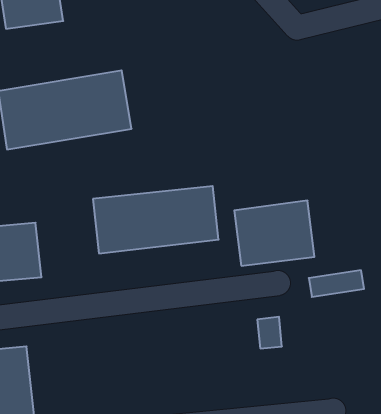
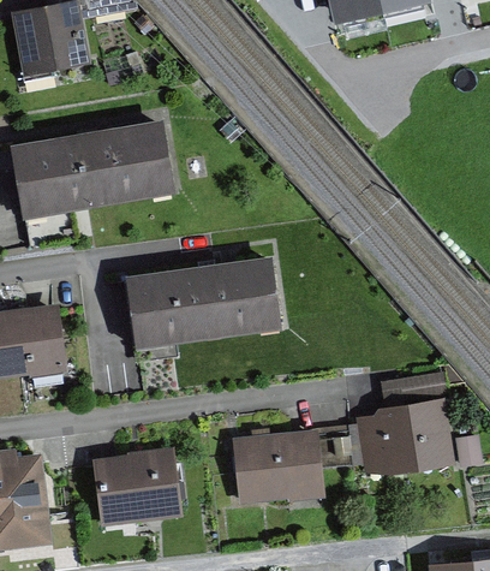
building: [234,201,314,266] -> [360,393,458,472]
building: none -> [235,432,322,501]
building: none -> [89,450,183,528]

